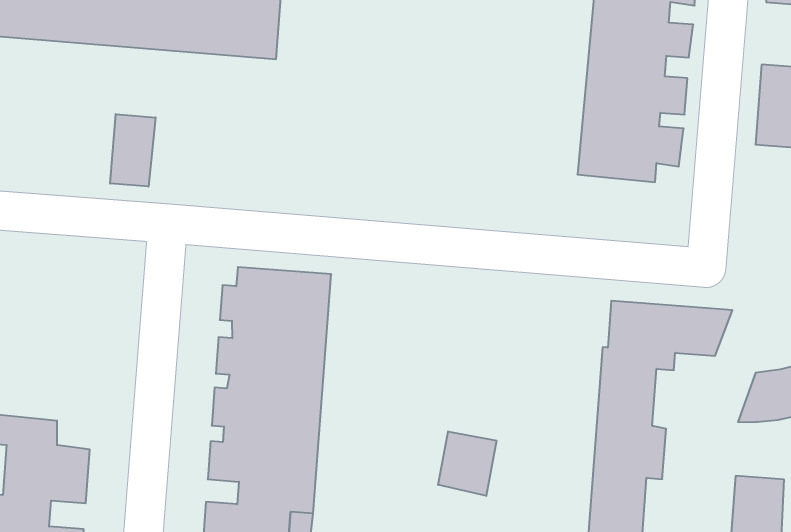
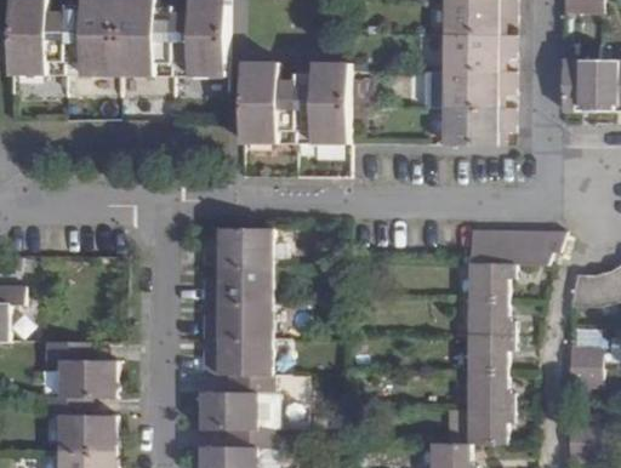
building: none -> [239,62,348,148]
building: [110,114,155,187] -> none
building: [438,431,497,496] -> none

